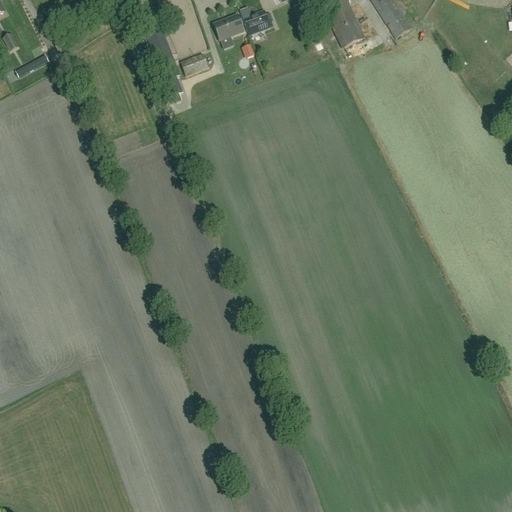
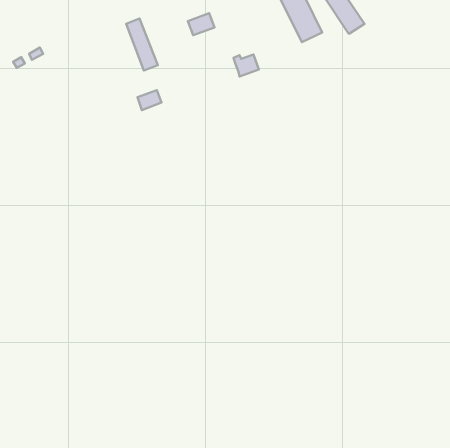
building: [242,9,271,34] -> [233,54,259,76]
building: [181,53,208,76] -> [138,90,161,110]

